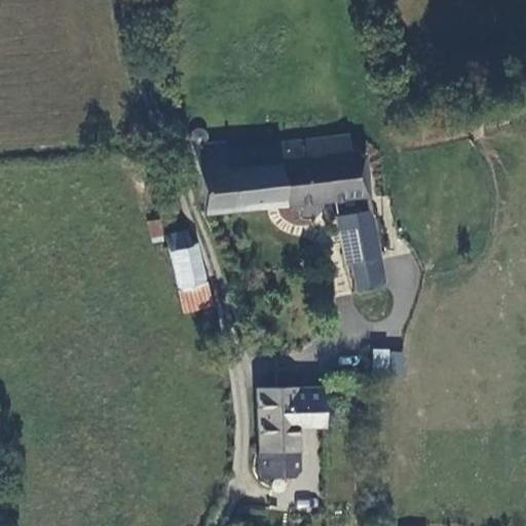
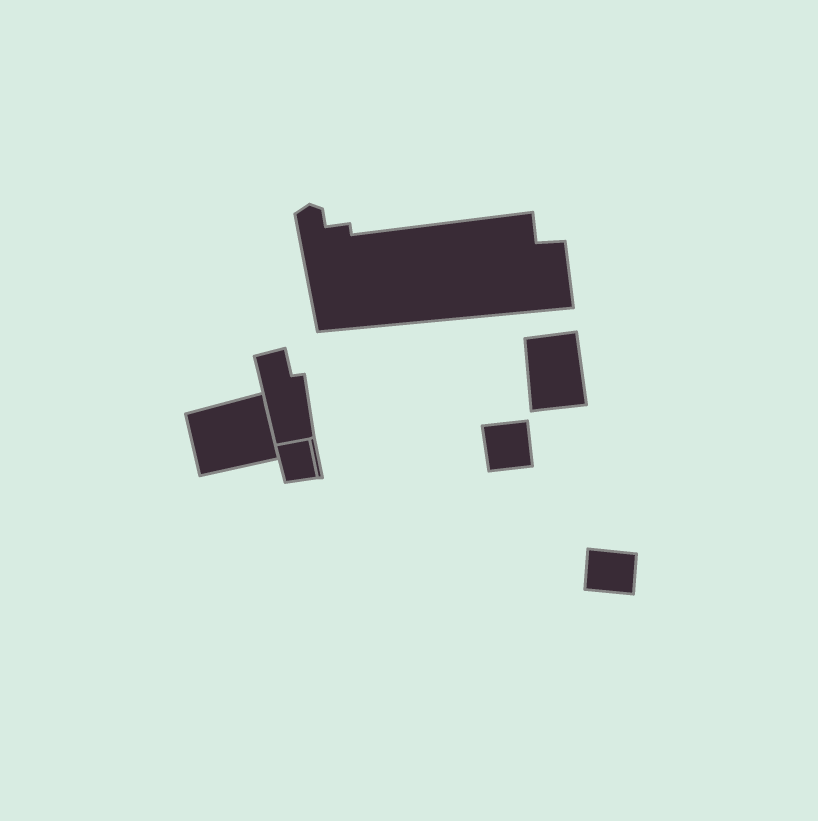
building: none -> [185,393,279,476]
building: [349,261,381,293] -> [482,421,533,471]
building: [260,385,324,478] -> none

